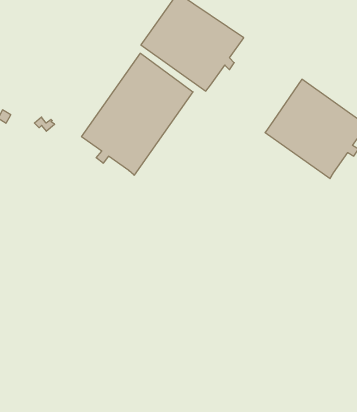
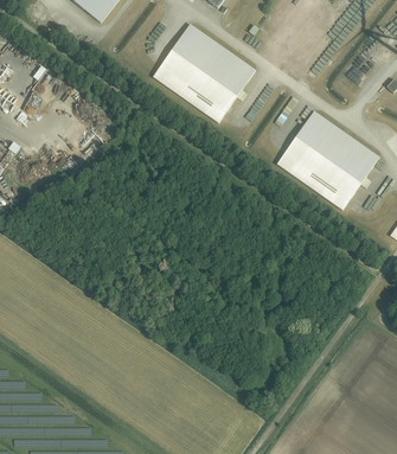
building: [82,53,193,175] -> none

